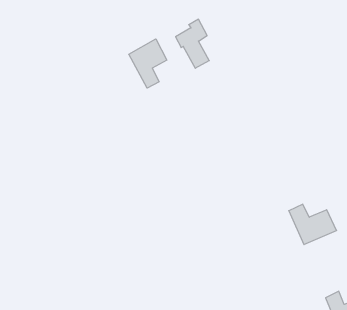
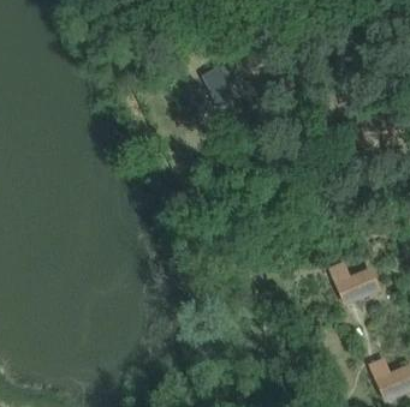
building: [129,39,167,88] -> none

